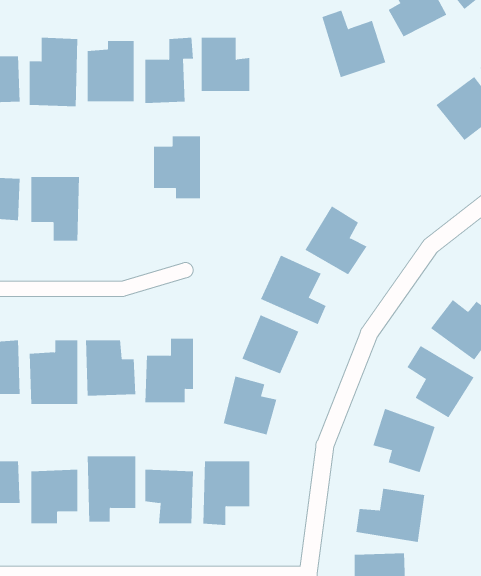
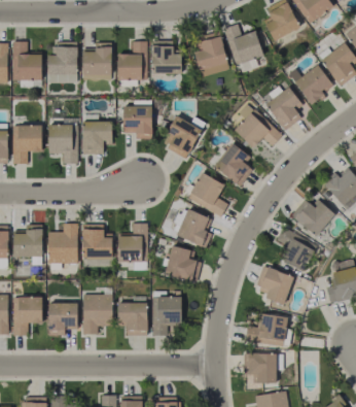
building: none -> [194,32,228,77]
building: none -> [264,87,301,131]
building: none -> [234,109,282,148]
building: none -> [162,117,202,160]
building: none -> [81,122,112,155]

